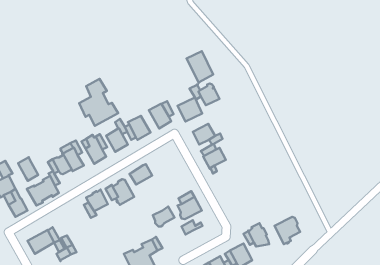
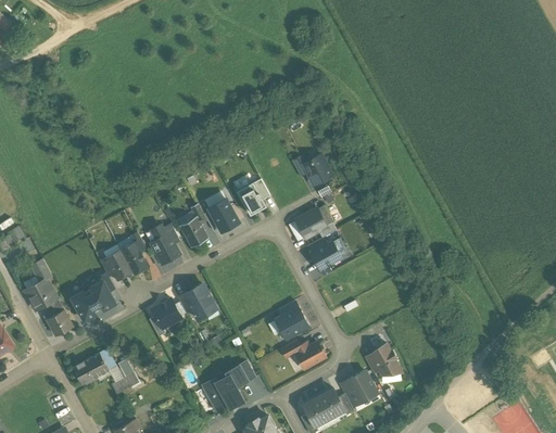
building: [187,51,213,83] -> none
building: [79,79,118,126] -> none
building: [178,97,202,122] -> none
building: [18,157,38,181] -> none
building: [129,164,152,185] -> none
building: [153,206,175,226] -> [296,342,326,369]
building: [274,217,300,244] -> none

